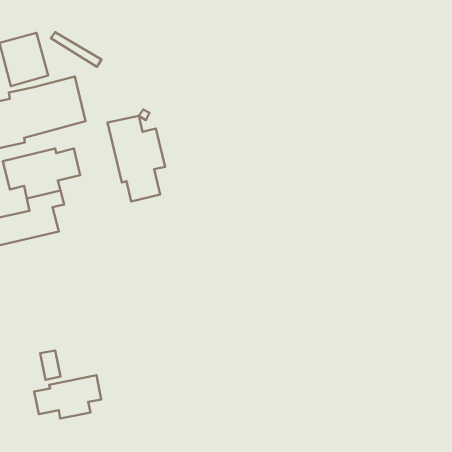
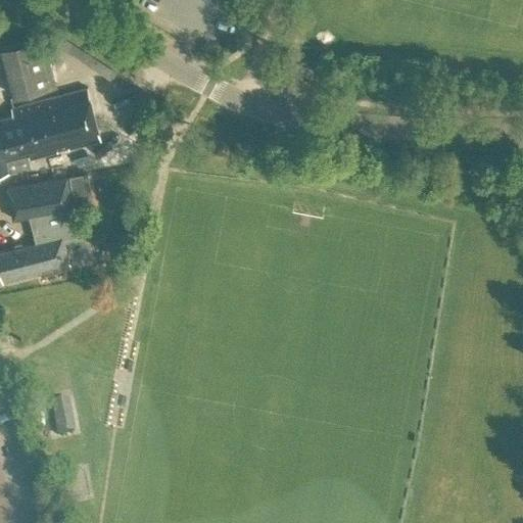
building: [108,116,165,201] -> none
building: [34,375,101,419] -> none

